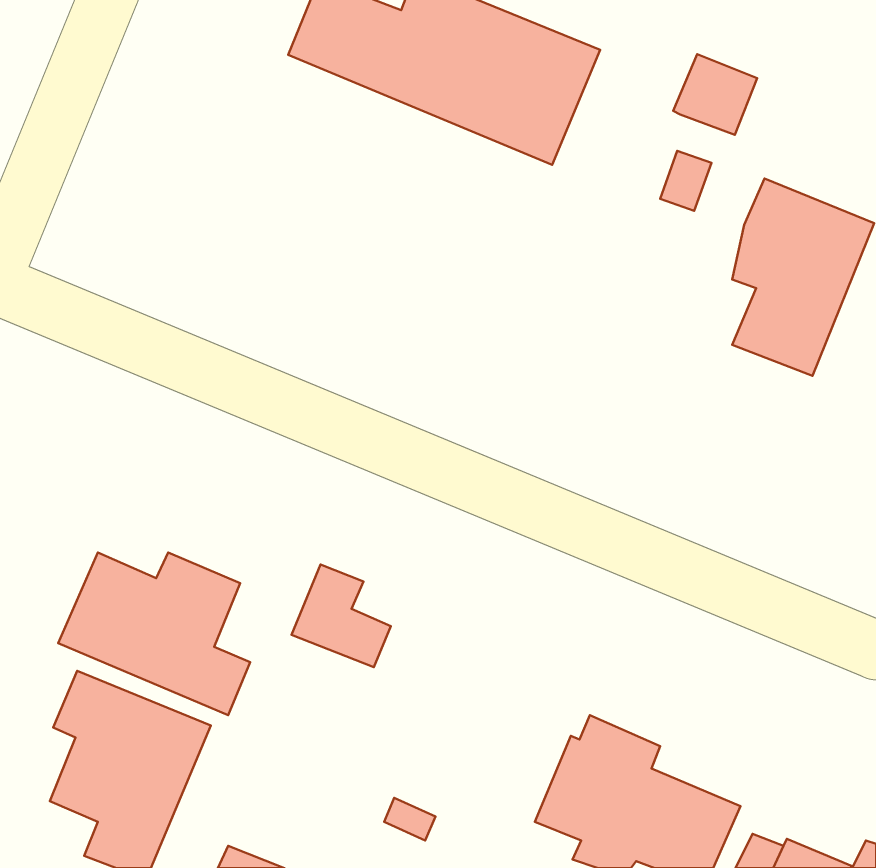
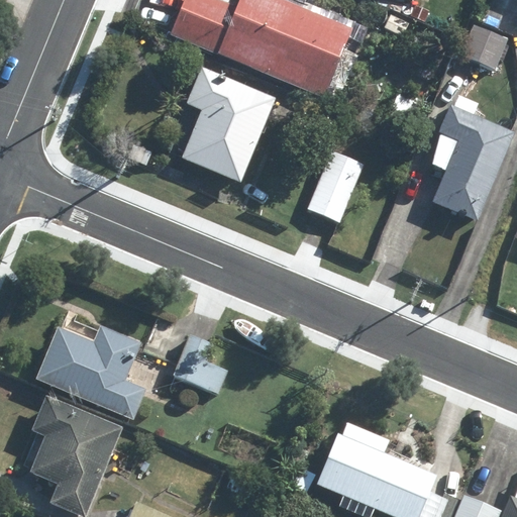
building: [673,54,757,135] -> [459,21,509,69]
building: none -> [182,69,276,183]
building: none -> [307,148,365,221]

